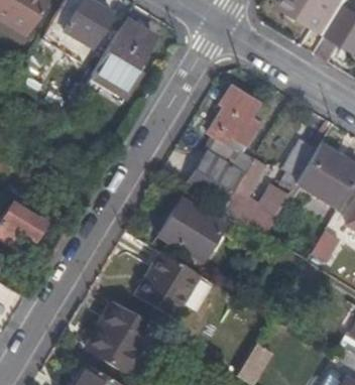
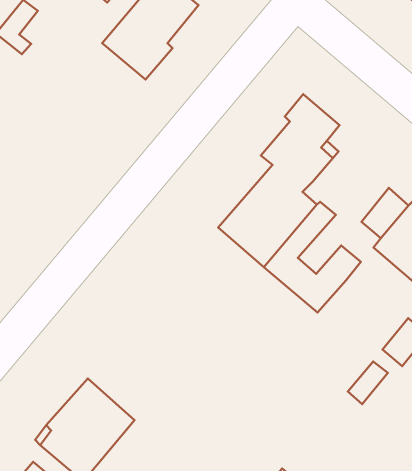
building: [157,198,224,261] -> none
building: [139,253,201,318] -> none

